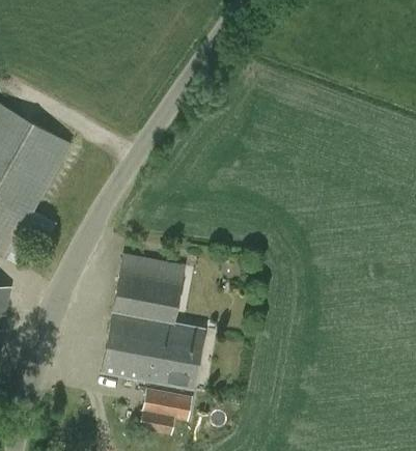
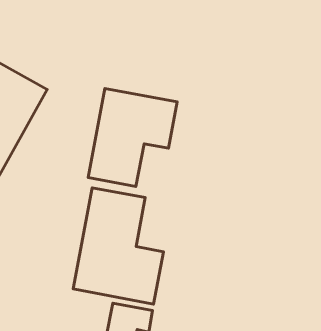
building: none -> [88,89,177,187]

